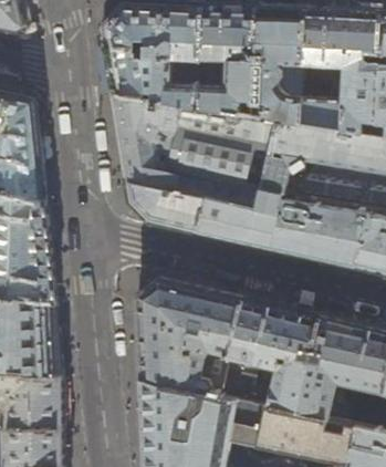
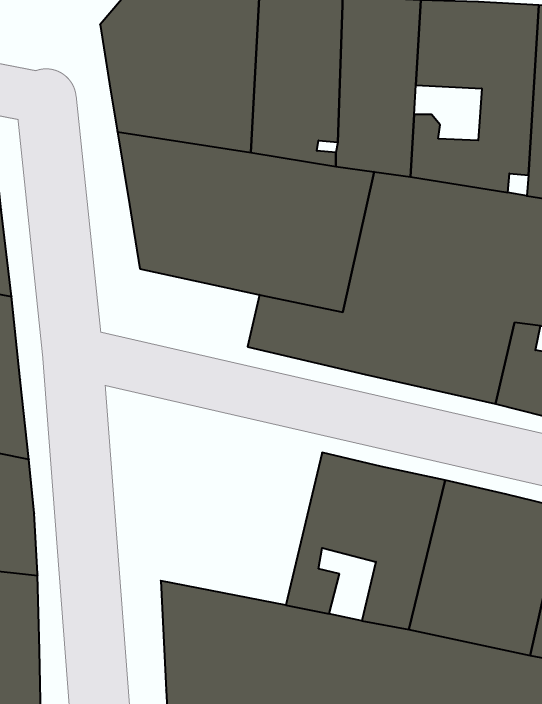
building: [126,183,202,232] -> none
building: [136,280,242,397] -> none

